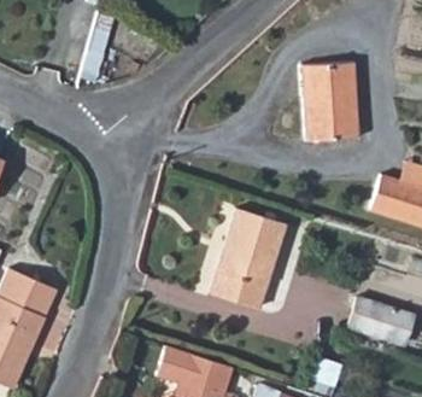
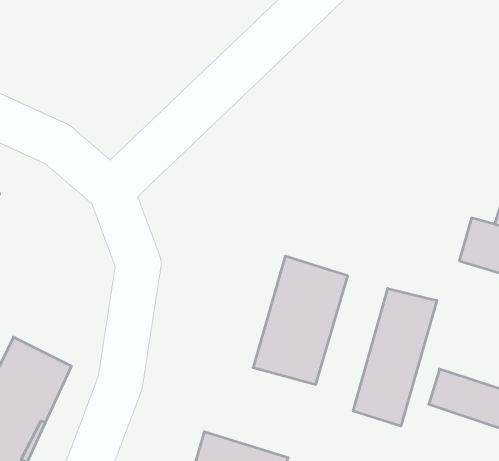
building: [305,63,359,138] -> none
building: none -> [353,288,437,426]

